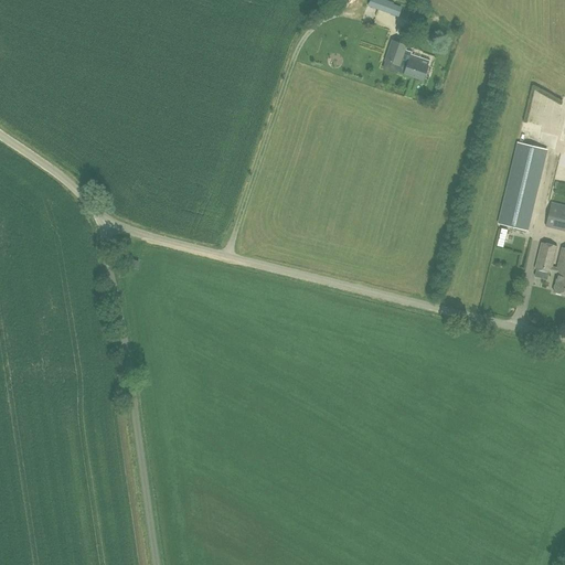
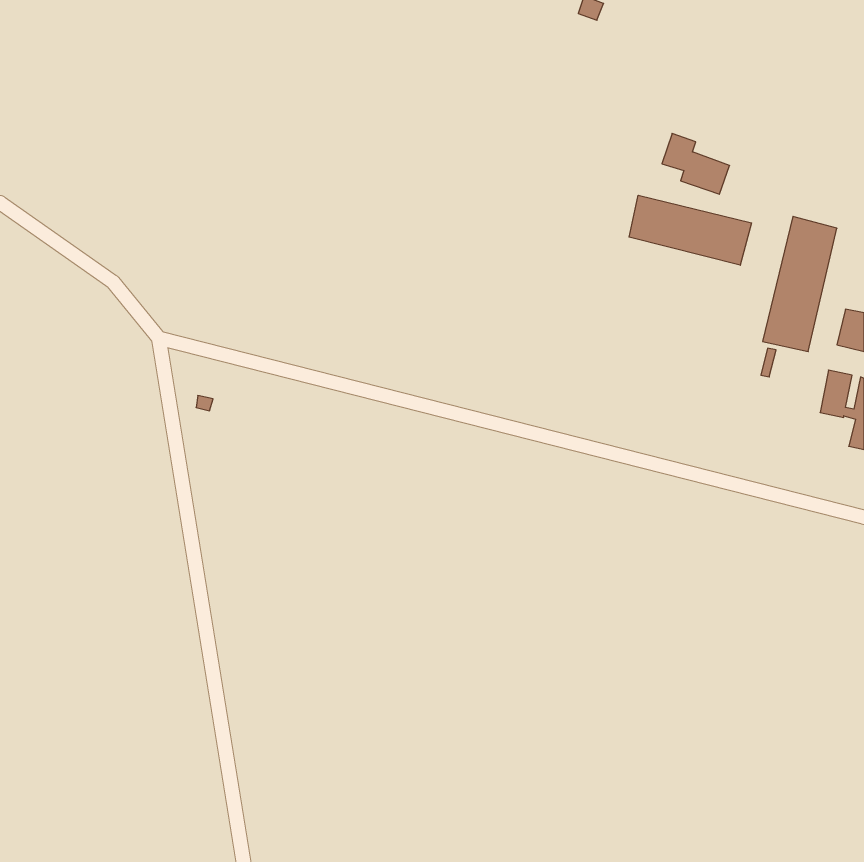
building: [385,40,429,79] -> [662,133,730,194]
building: none -> [629,195,752,265]

